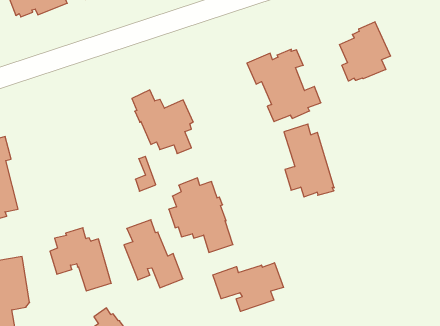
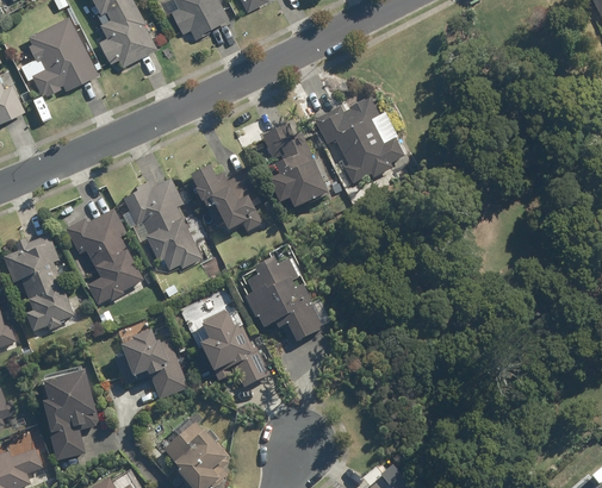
building: [339,22,391,81] -> none
building: none -> [124,177,201,269]
building: none -> [66,207,143,304]
building: [284,124,334,197] -> [262,123,327,206]
building: [213,263,283,311] -> none

